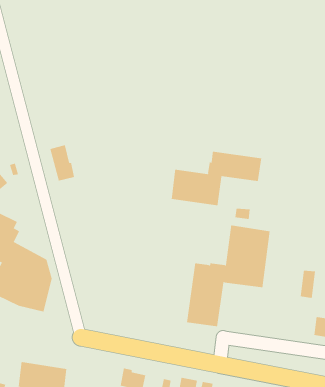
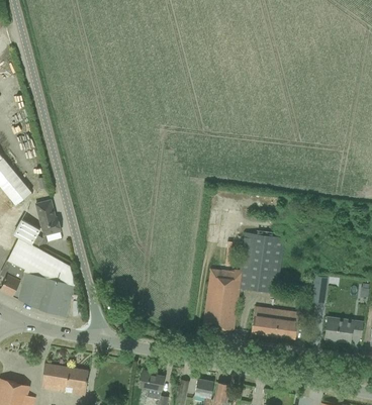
building: [50,145,75,181] -> [36,200,61,235]
building: [171,151,262,206] -> none
building: none -> [252,307,299,338]

